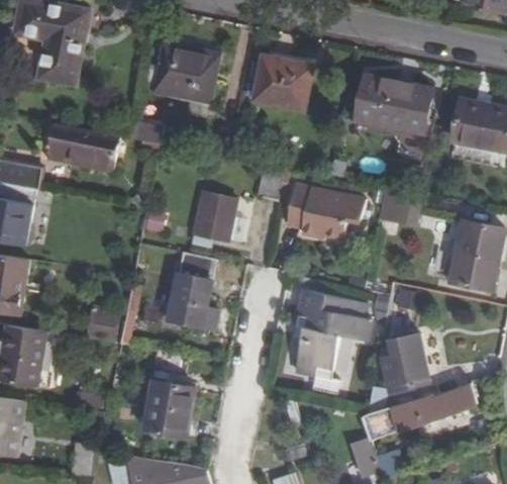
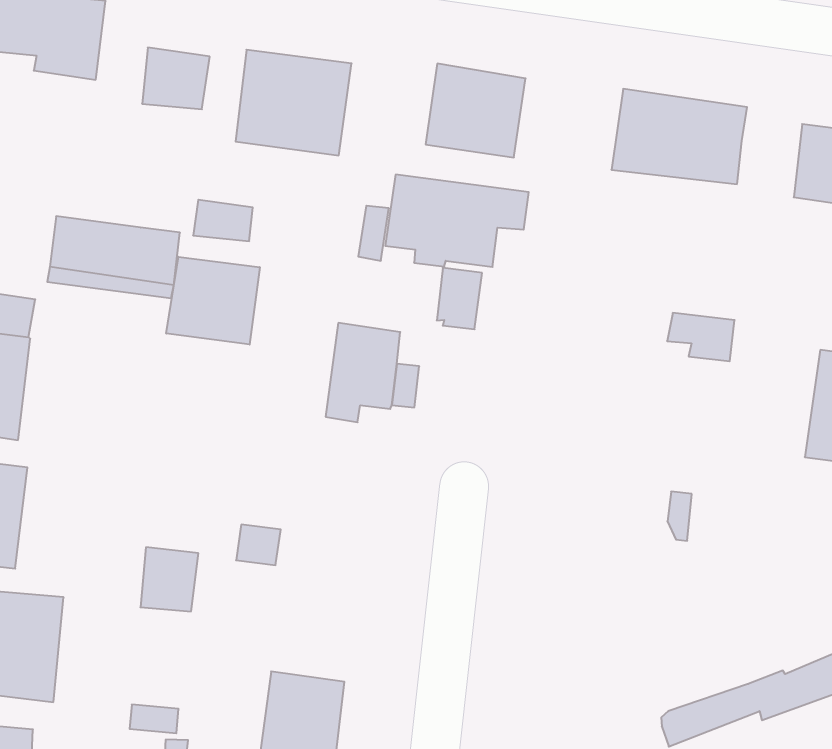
building: [40,44,79,80] -> [142,48,210,109]
building: [353,107,434,141] -> none
building: none -> [166,257,260,345]
building: [285,185,365,238] -> [385,175,529,267]
building: [167,253,217,331] -> none
building: [295,291,371,396] -> none
building: [385,338,417,390] -> none

